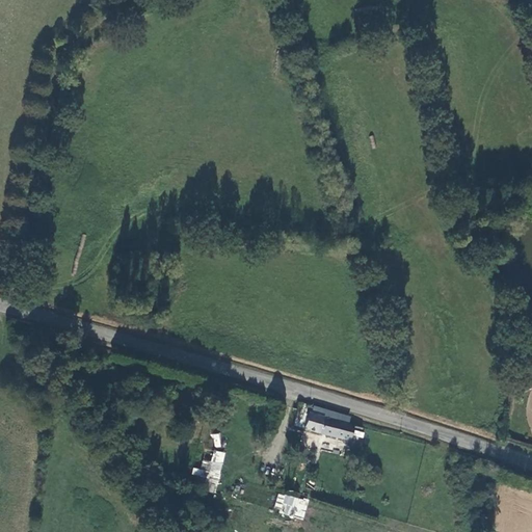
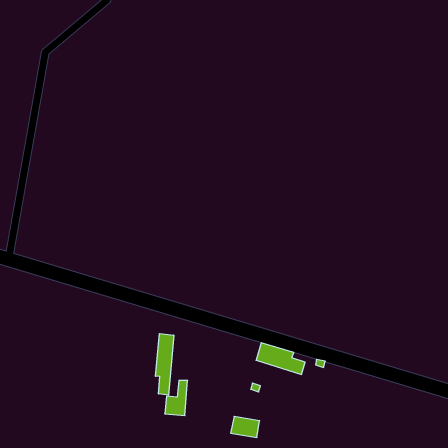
building: none -> [155,334,174,395]

